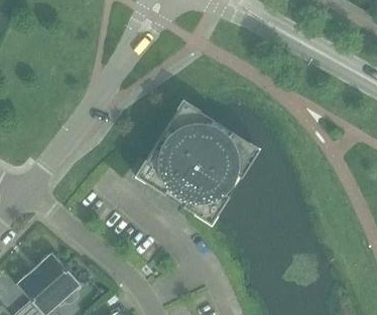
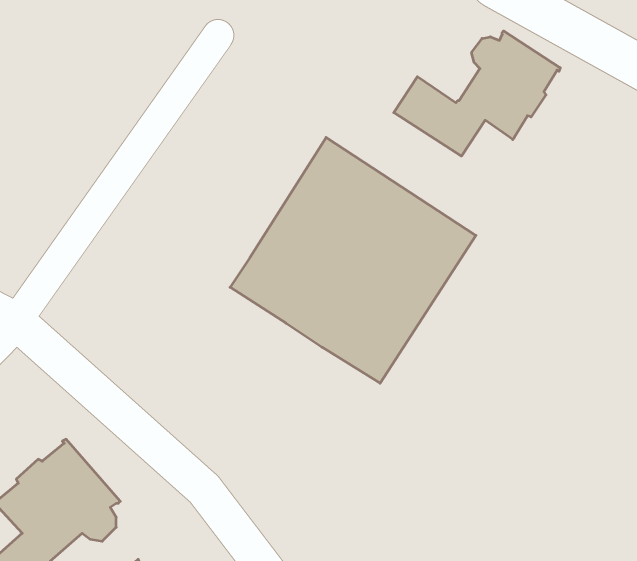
building: none -> [394,31,560,156]

